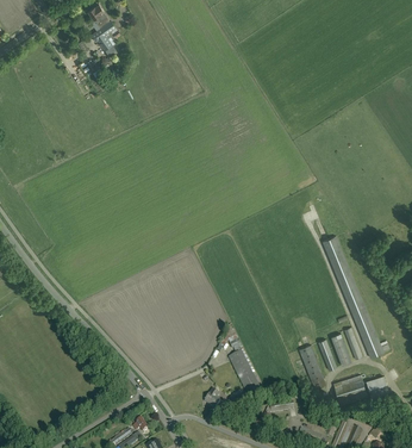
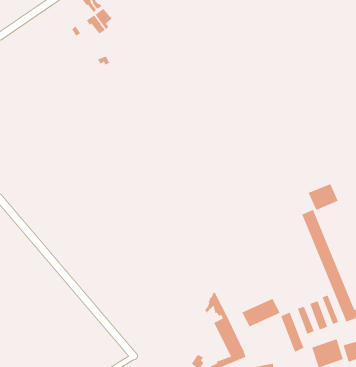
building: none -> [308,183,339,211]
building: none -> [241,298,281,328]

